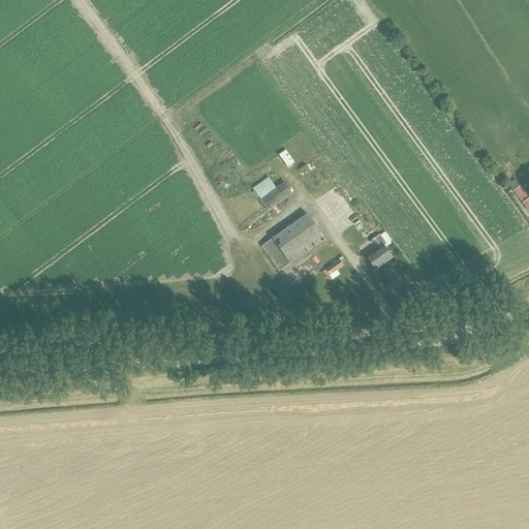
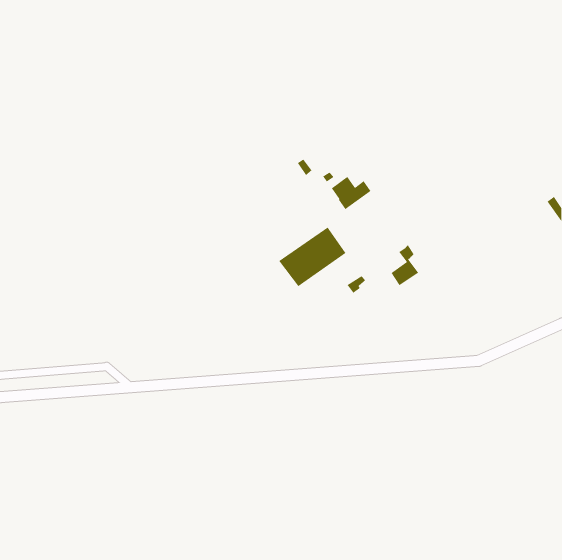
building: [254,177,292,209] -> [331,176,372,210]

